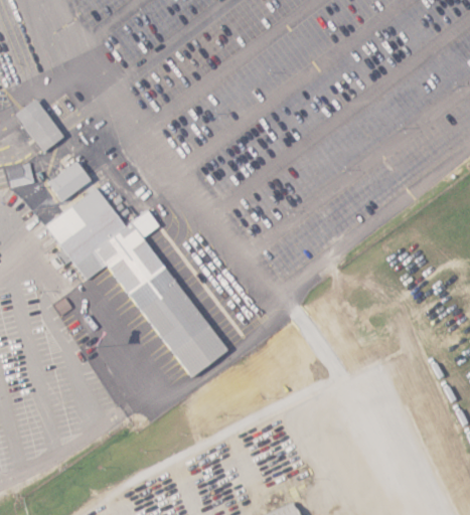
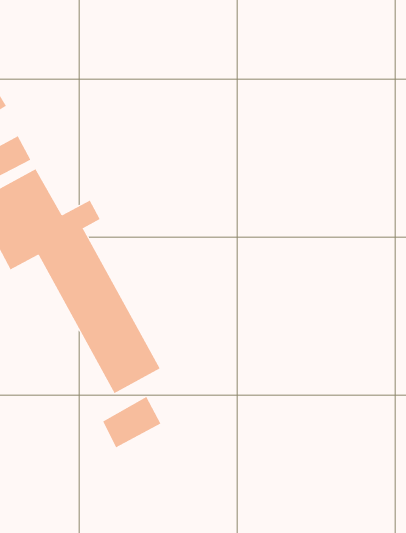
building: none -> [102,396,161,448]

